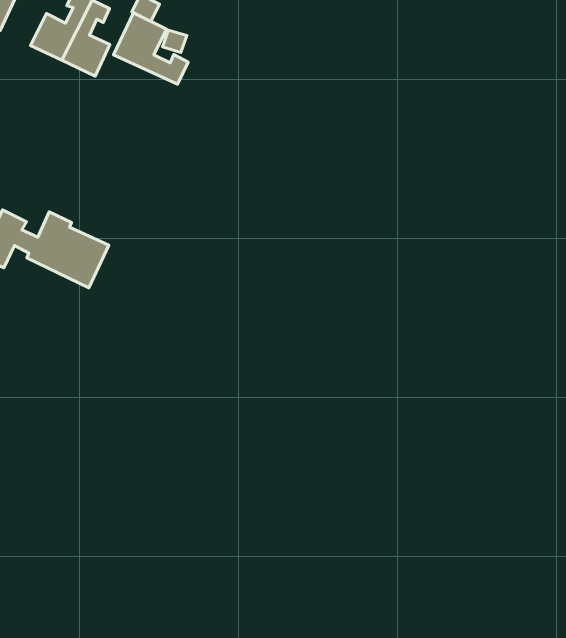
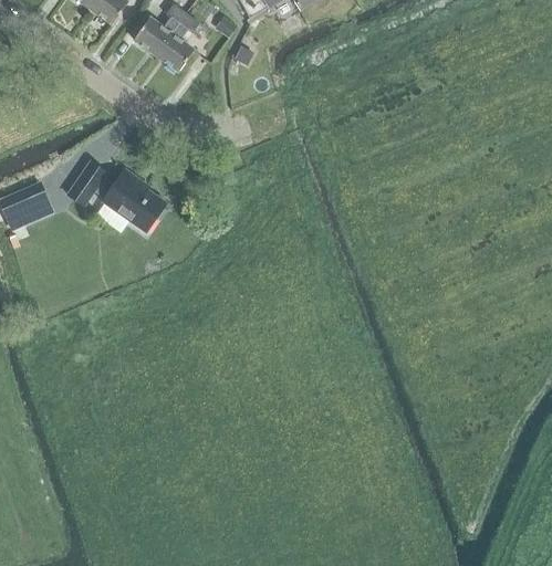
building: [113,13,188,84] -> none

